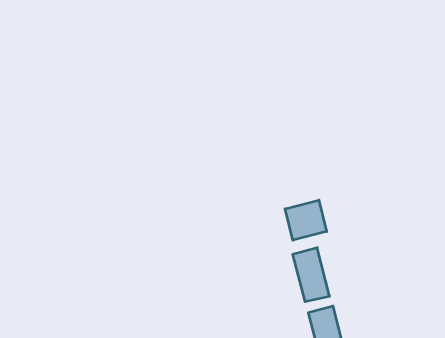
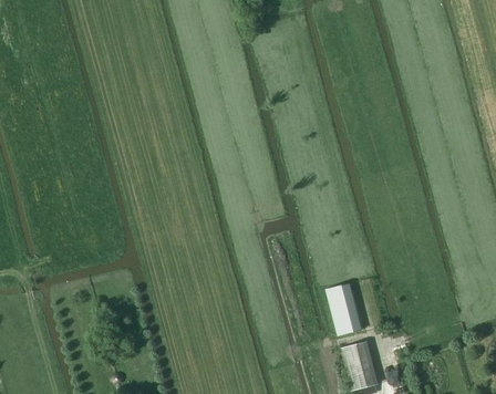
building: [285,200,327,240] -> none

